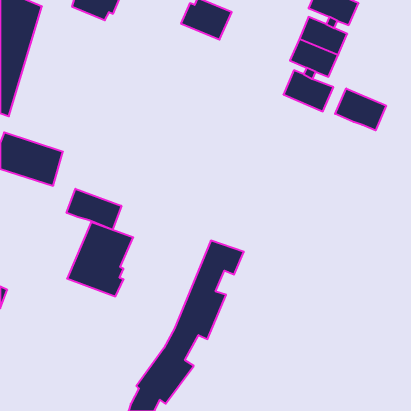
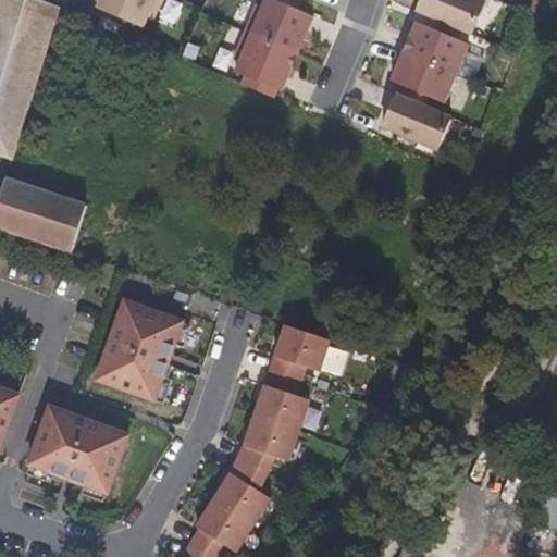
building: none -> [234,32,298,97]
building: [335,88,386,130] -> none
building: [67,189,121,230] -> none
building: none -> [18,403,121,487]

